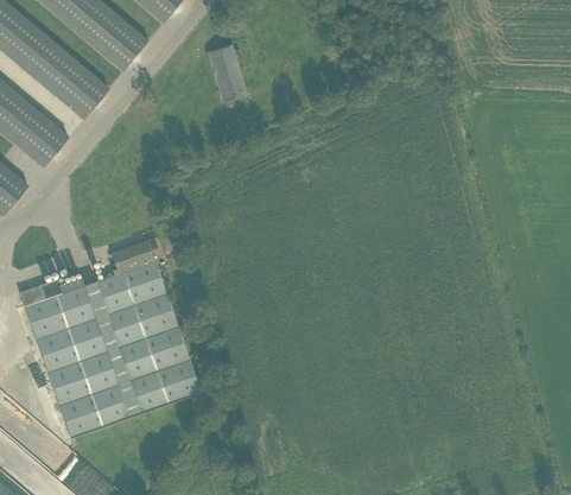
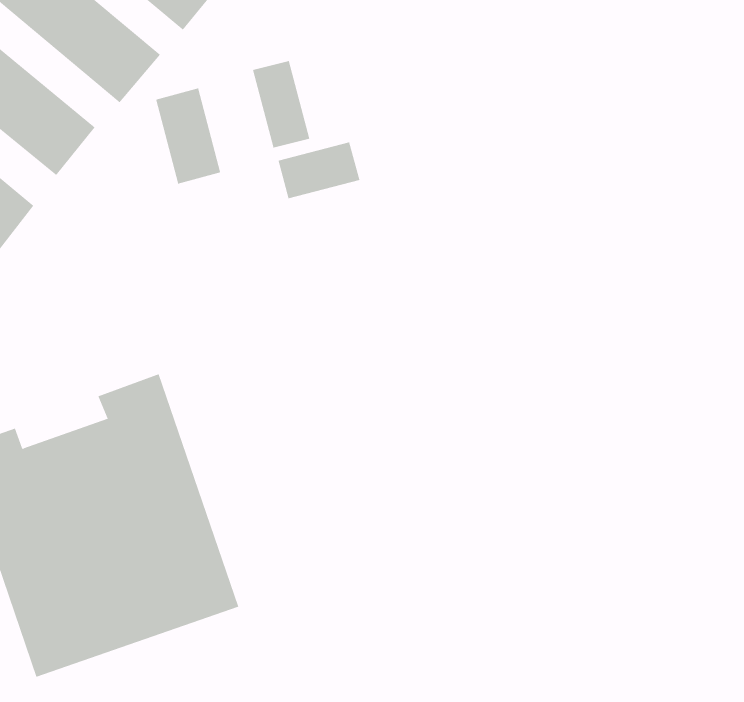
building: none -> [156,87,221,185]
building: none -> [278,142,360,199]

